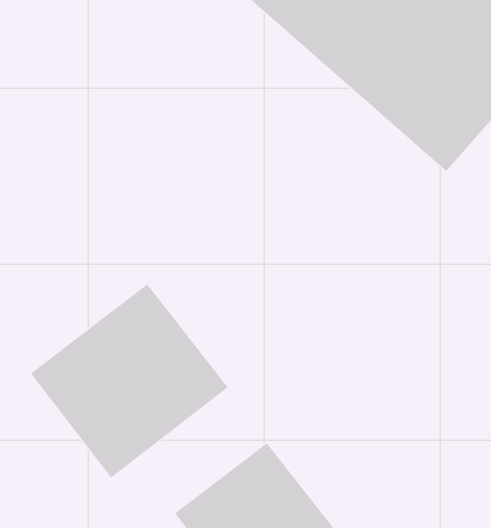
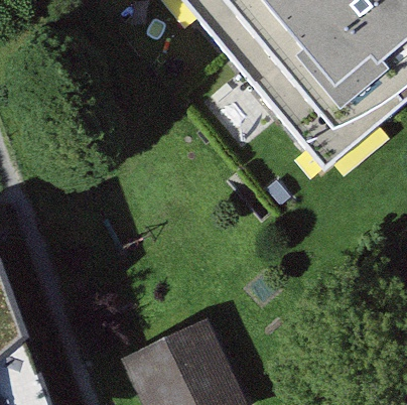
building: [30,284,229,479] -> none

